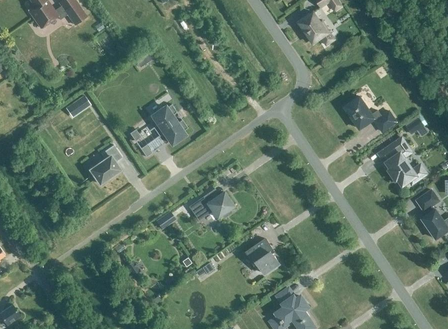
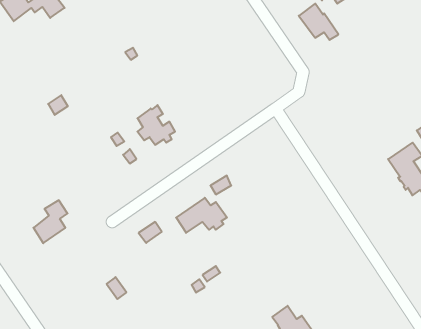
building: [344,96,396,132] -> none
building: [90,145,121,184] -> [33,200,68,243]
building: [246,239,279,274] -> none

